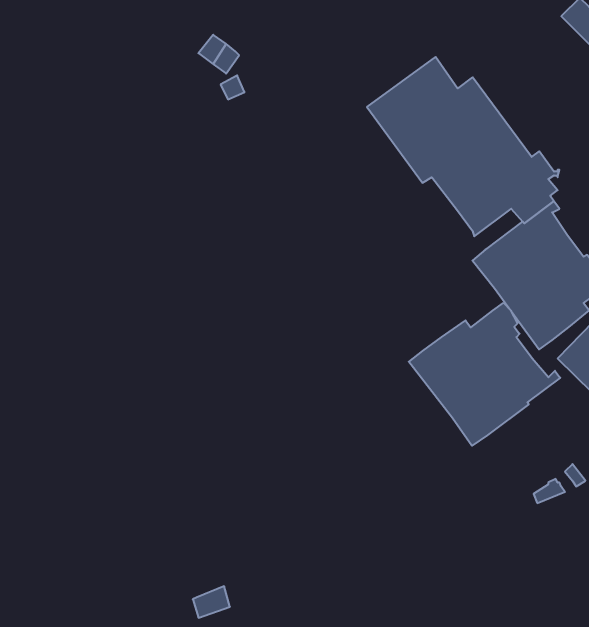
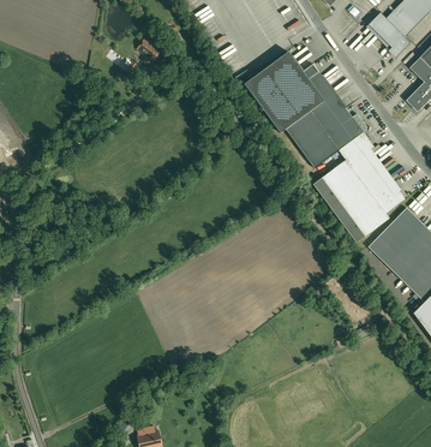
building: [409,303,560,446] -> none

